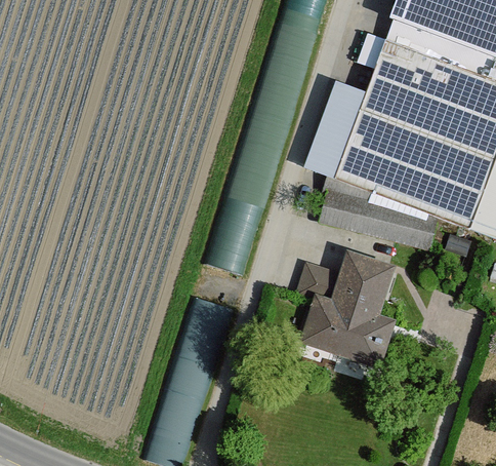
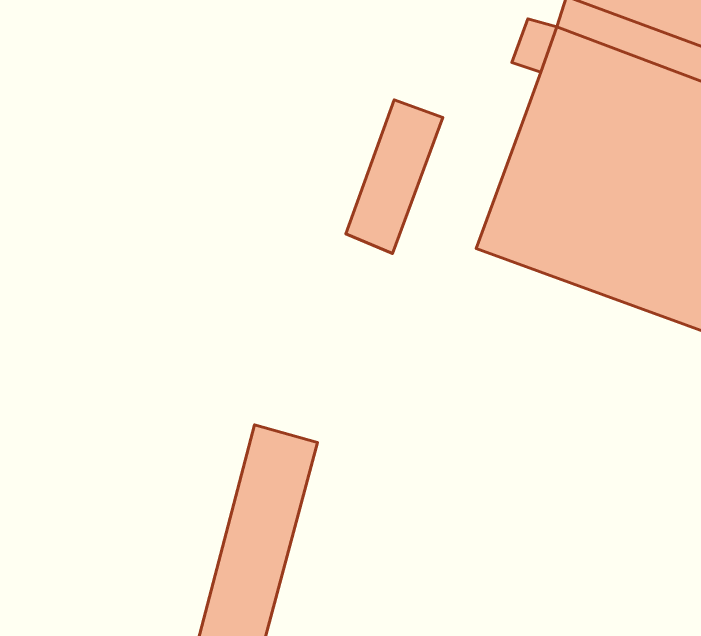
building: [306,81,368,179] -> [346,100,443,253]
building: [322,191,437,247] -> none
building: [300,254,394,364] -> none

